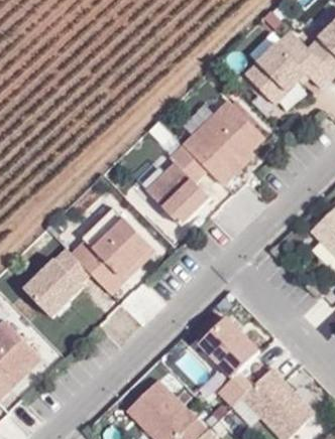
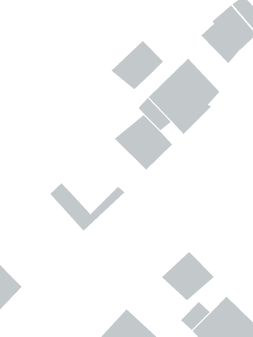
building: none -> [111,40,164,90]
building: [91,215,149,274] -> none
building: [24,258,84,319] -> none

